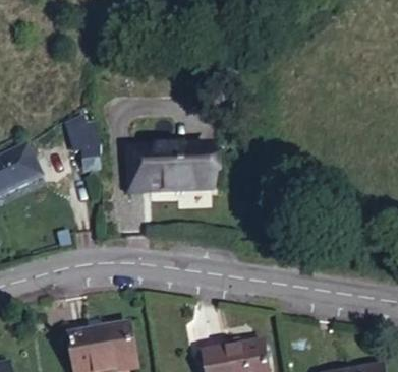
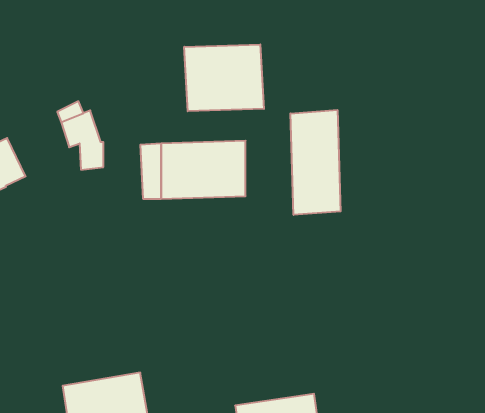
building: none -> [184,44,264,111]
building: none -> [290,110,341,215]

